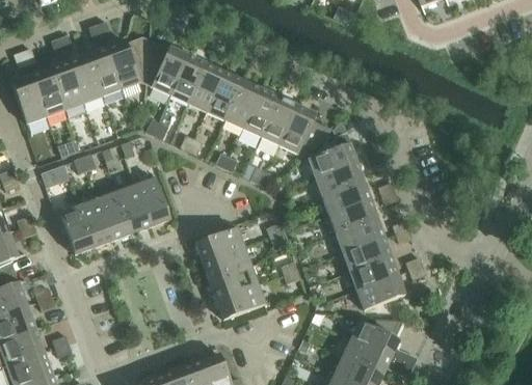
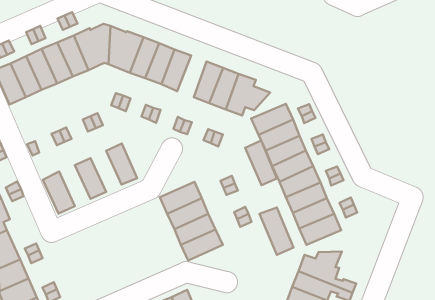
building: [222,80,259,129] -> none
building: none -> [245,140,277,185]
building: [116,185,151,232] -> none
building: [79,199,113,247] -> none
building: none -> [259,207,294,255]

